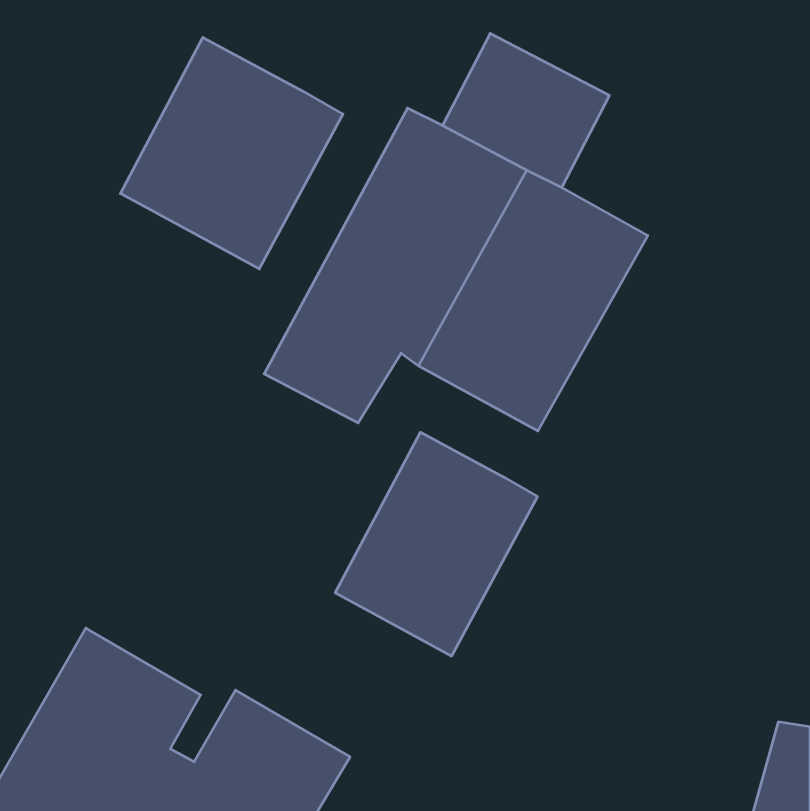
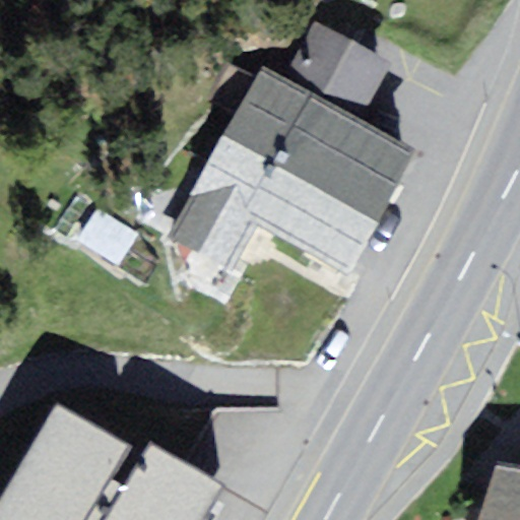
building: [120,37,343,269] -> none
building: [335,432,537,656] -> none

